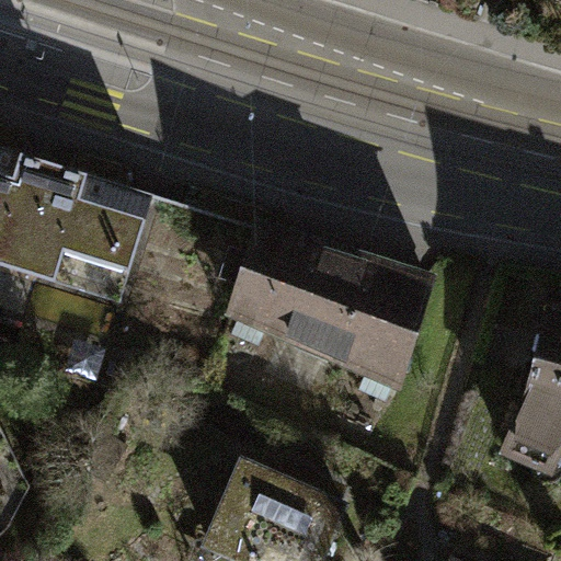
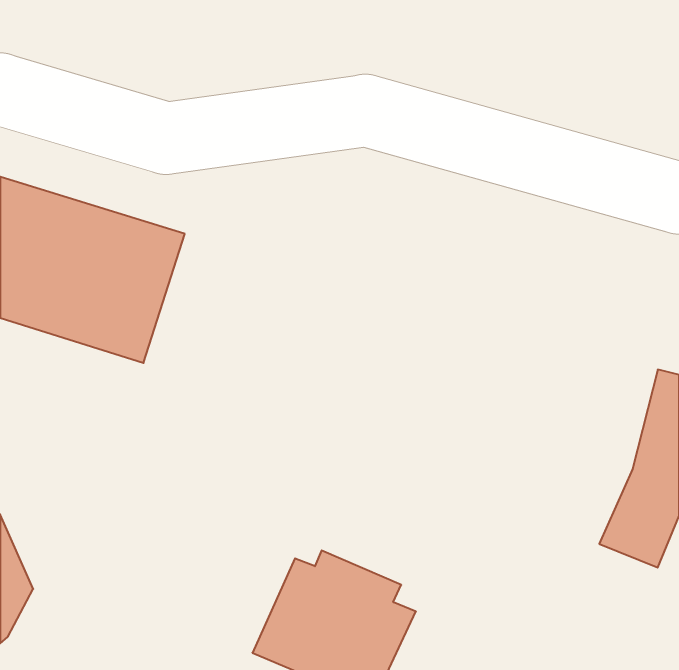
building: [232,232,432,389] -> none

